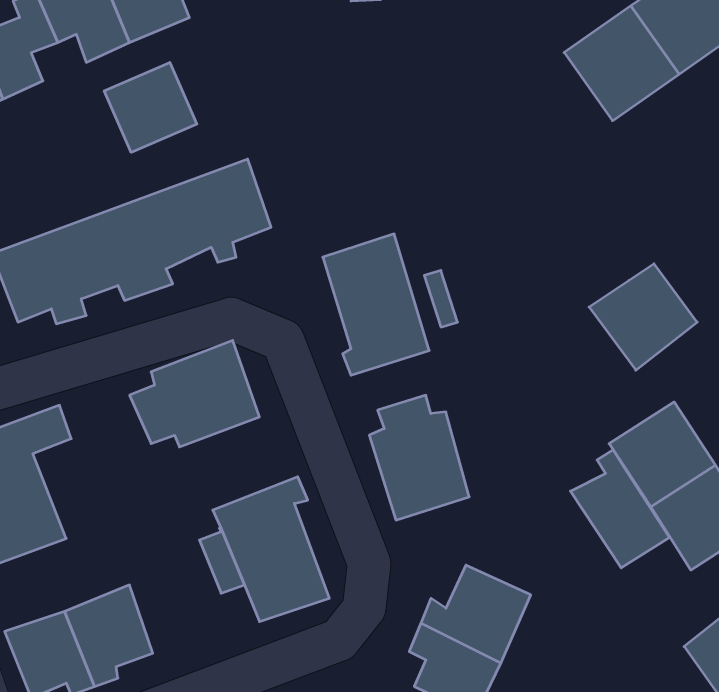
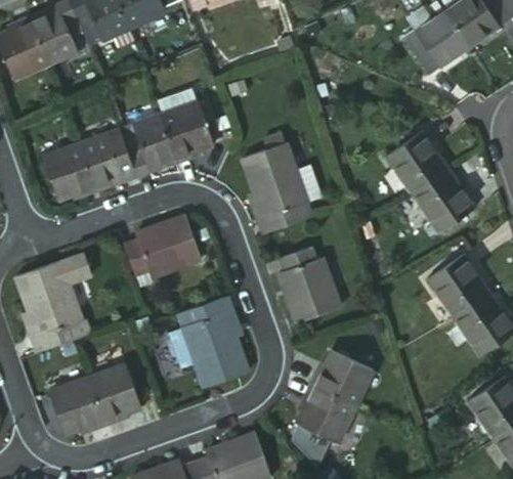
building: [104,62,197,152] -> none
building: none -> [385,130,450,191]
building: [570,450,669,568] -> none

